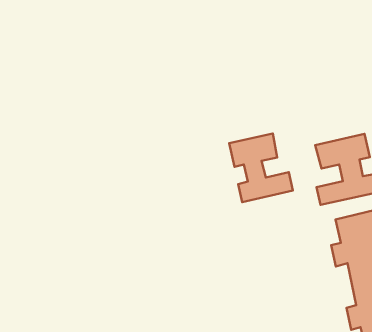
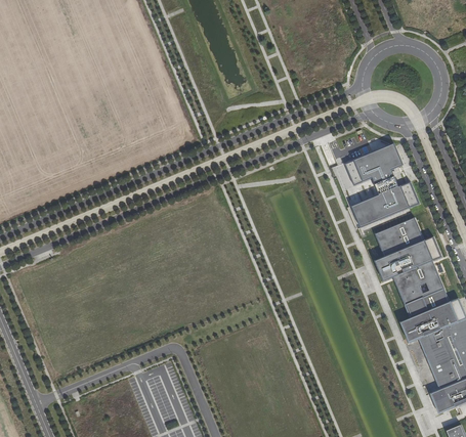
building: [229,133,293,202] -> none

